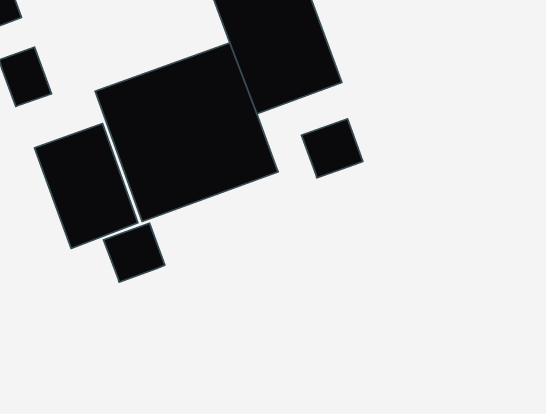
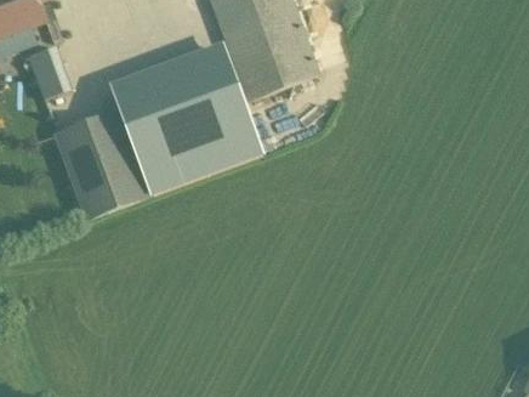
building: [302,119,363,178] -> none
building: [104,223,165,282] -> none

